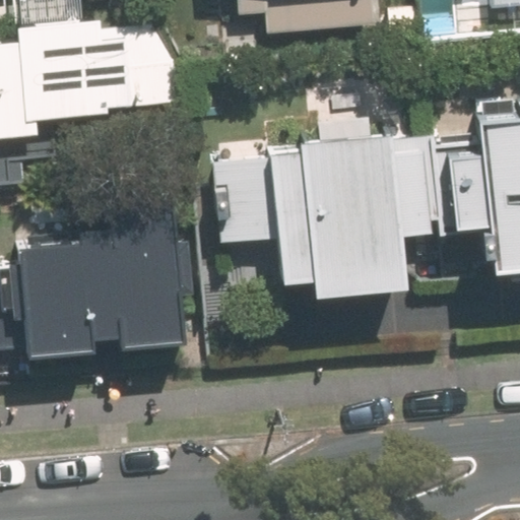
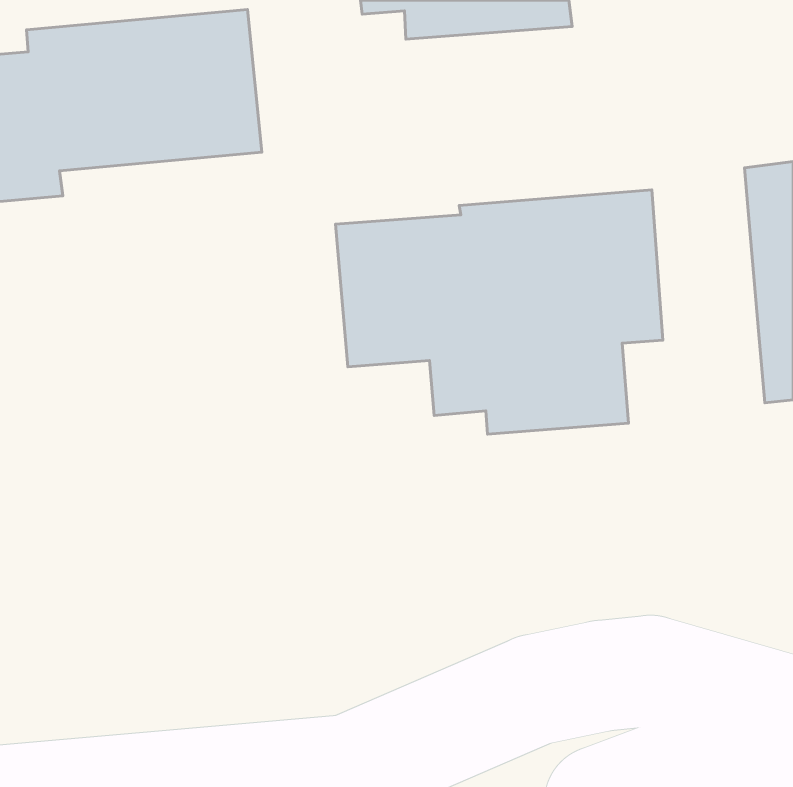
building: [21,184,185,353] -> none

